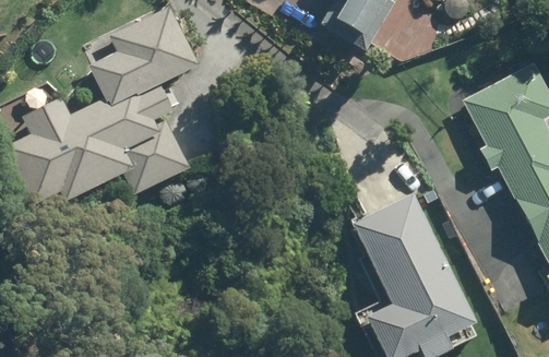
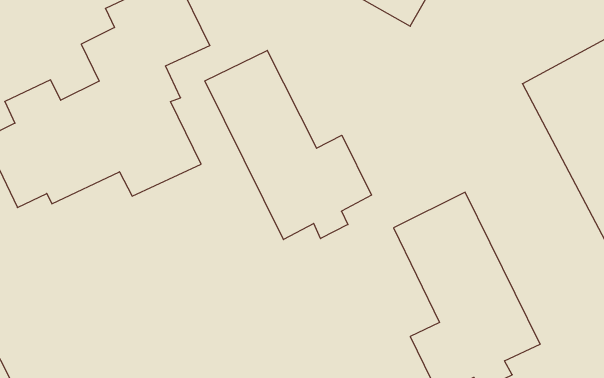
building: none -> [205,50,372,240]

